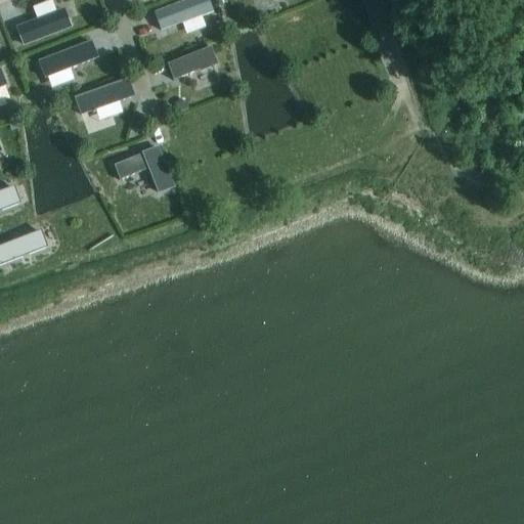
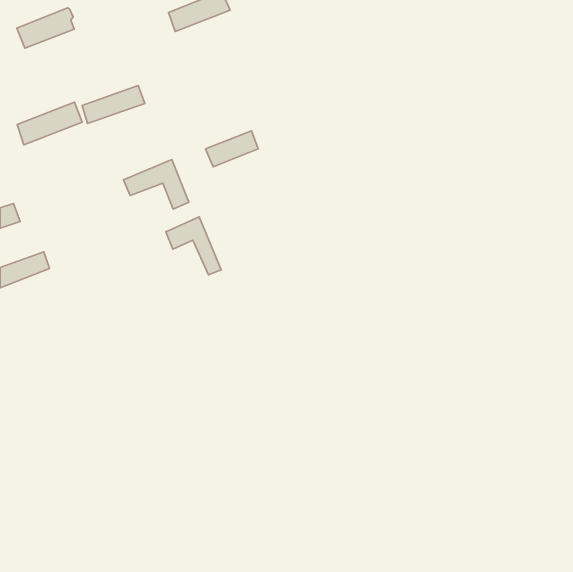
building: [39,38,98,77] -> [17,102,82,145]
building: [167,46,215,79] -> [205,131,258,167]
building: none -> [166,217,221,275]

